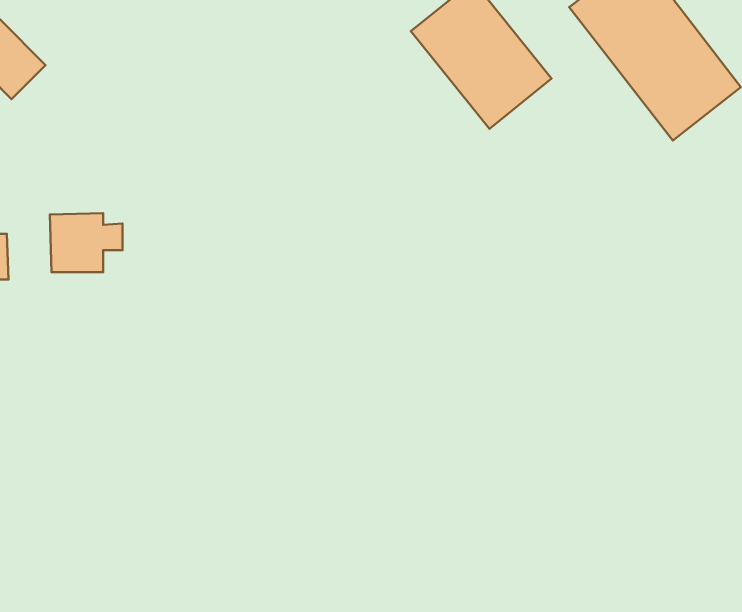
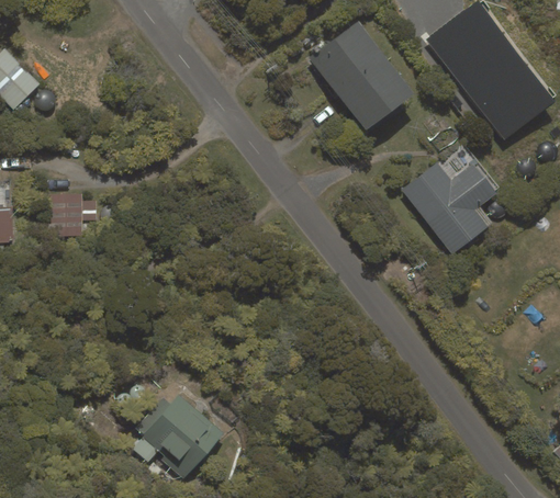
building: none -> [402,165,492,254]
building: none -> [134,394,224,479]

